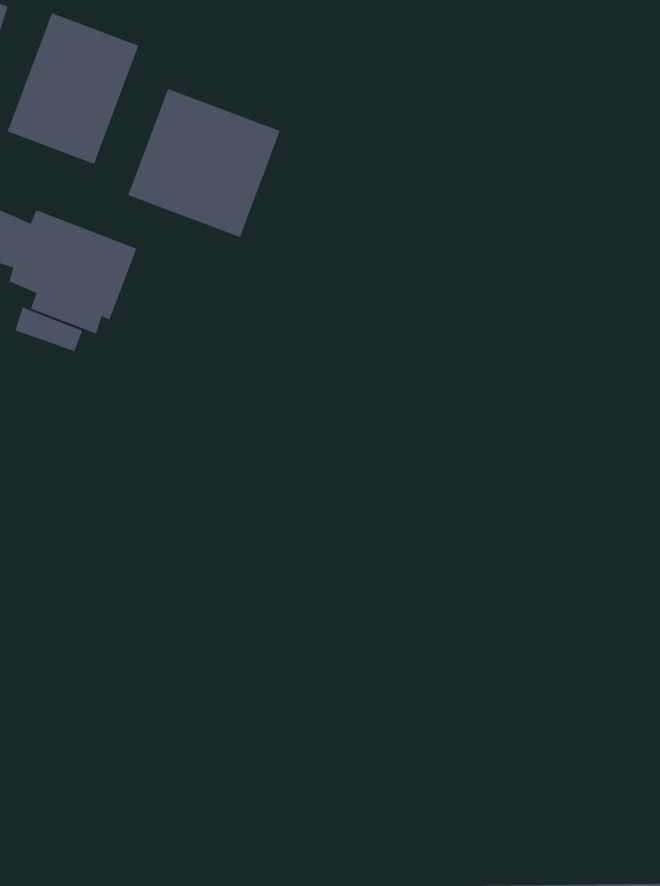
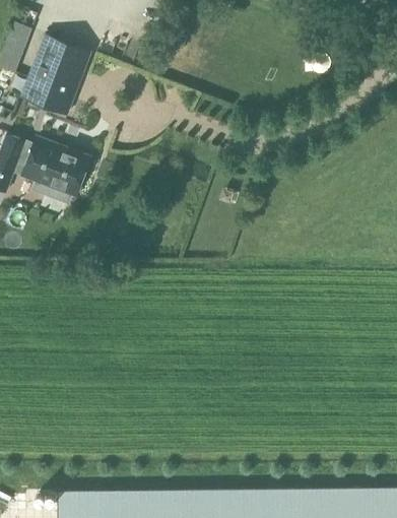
building: [127,88,280,238] -> none

